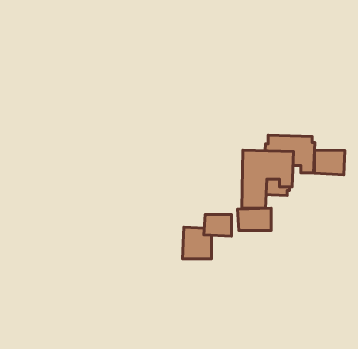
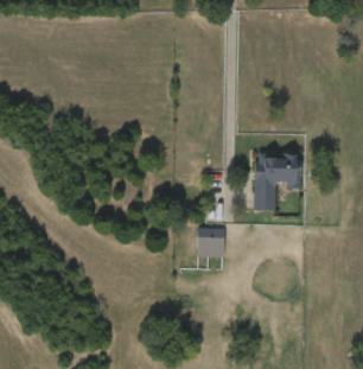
building: [315,150,345,175] -> none
building: [237,208,271,230] -> none

